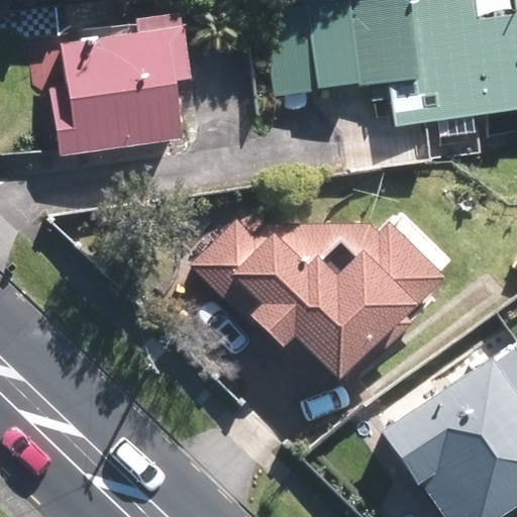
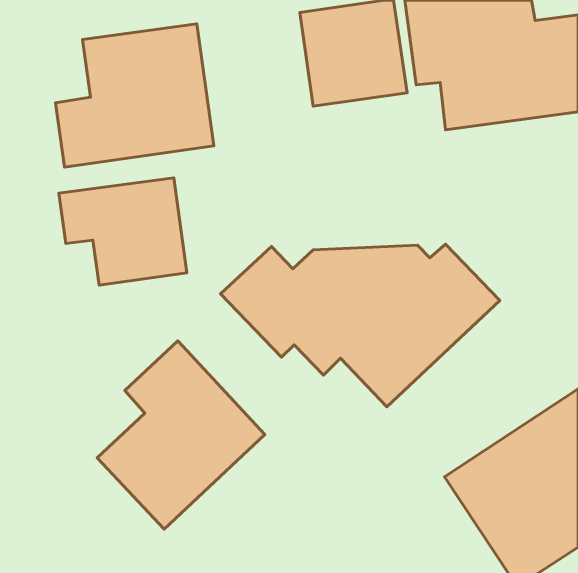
building: none -> [59,178,187,285]
building: none -> [97,341,265,529]

